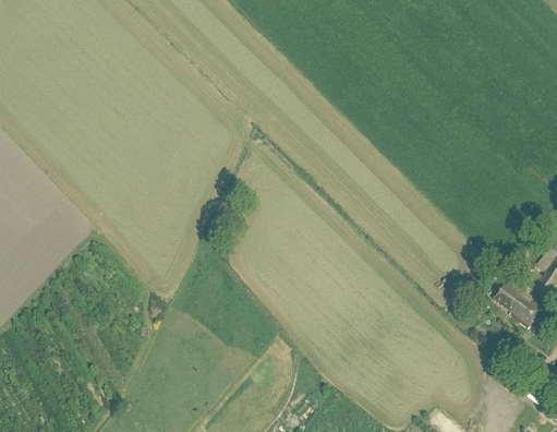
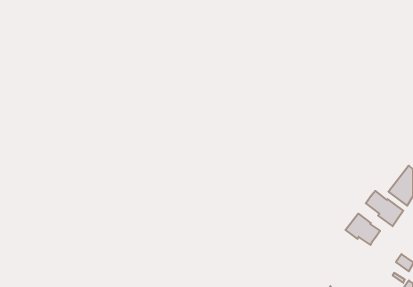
building: none -> [345,214,380,245]

